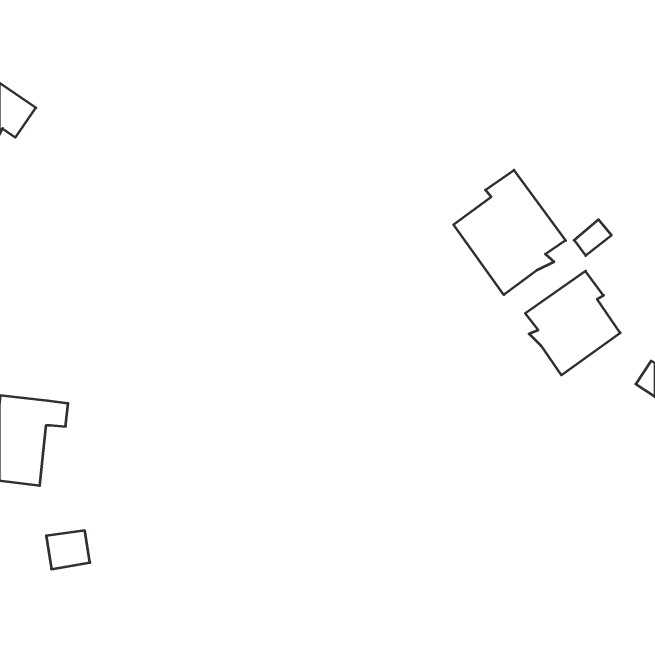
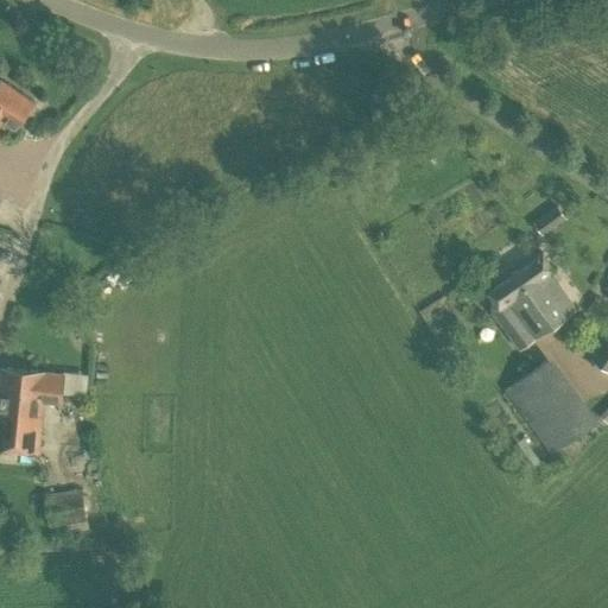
building: [454,170,566,295] -> none
building: none -> [505,352,598,450]

